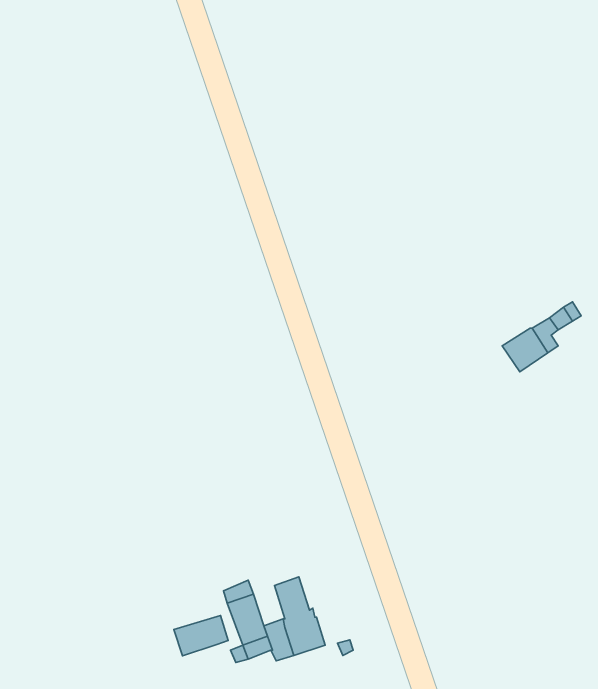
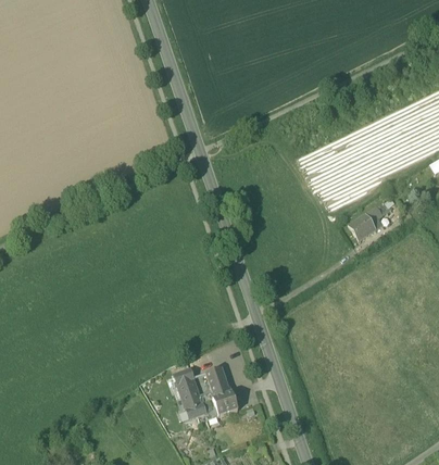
building: [174,616,228,656] -> none

